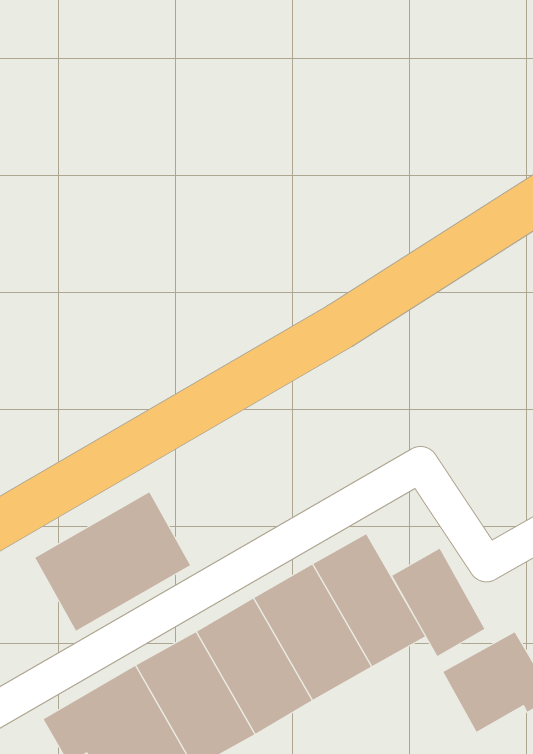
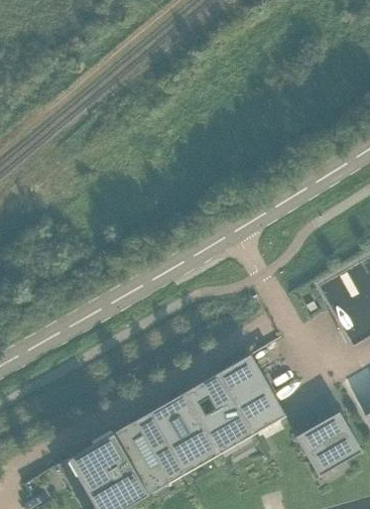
building: [34,491,191,632] -> none
building: [392,548,485,657] -> none

